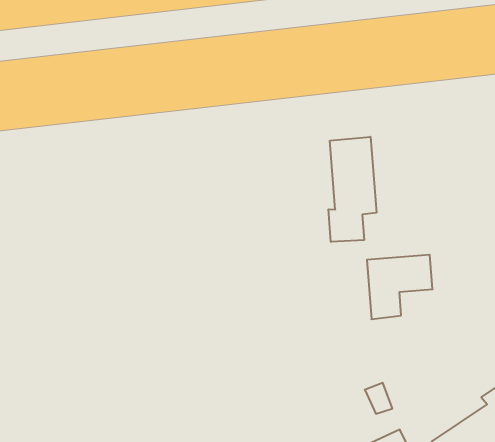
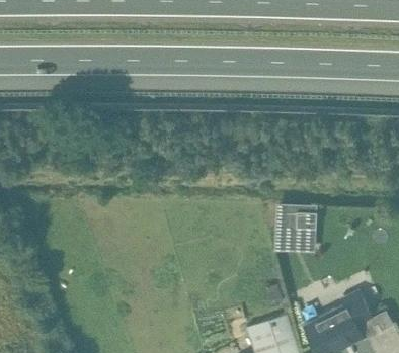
building: [328,137,376,242] -> none

